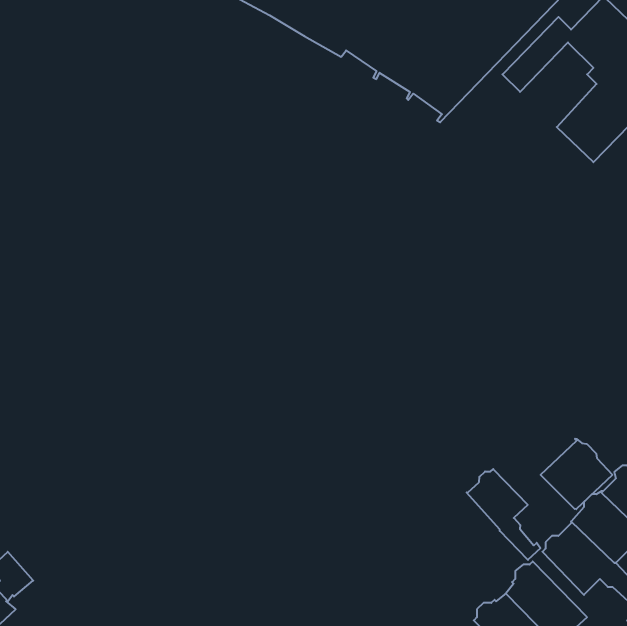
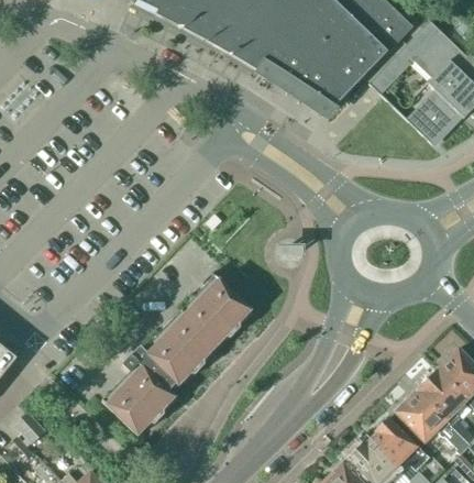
building: none -> [101,272,251,435]
building: [541,439,612,509] -> none
building: [467,469,540,560] -> none

